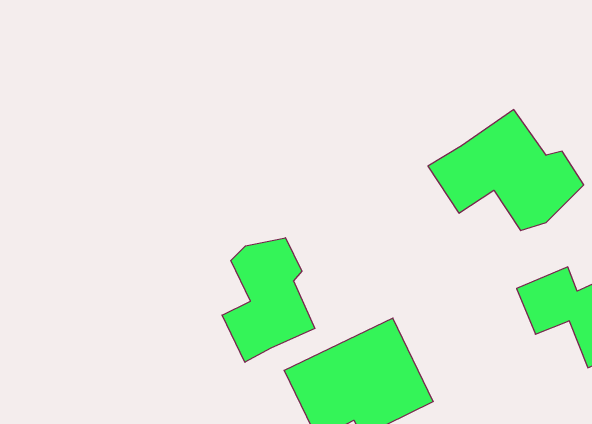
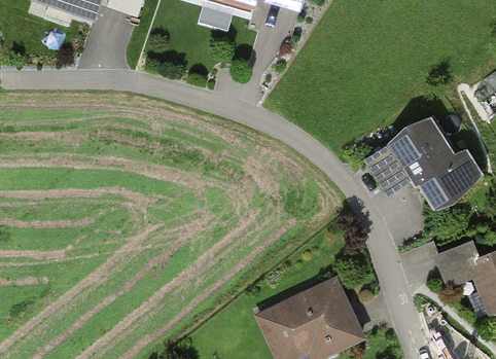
building: [222,238,315,362] -> none

